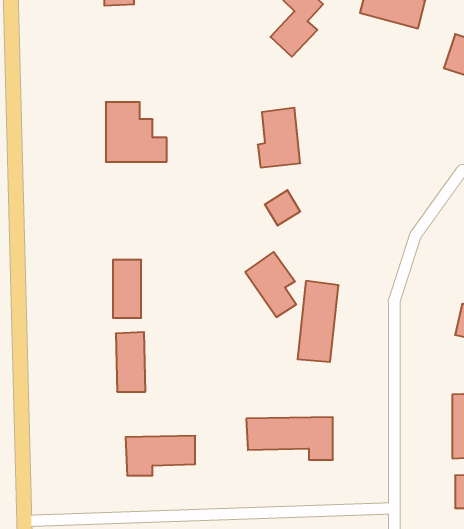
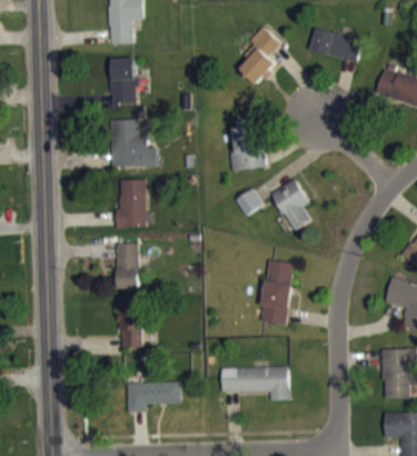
building: none -> [110,58,136,103]
building: none -> [117,179,146,228]
building: [245,252,296,317] -> [270,179,310,230]

